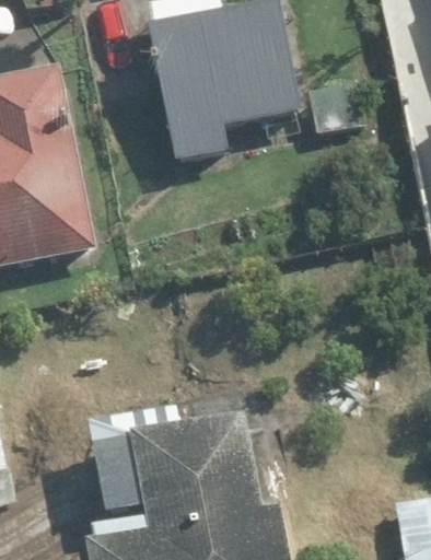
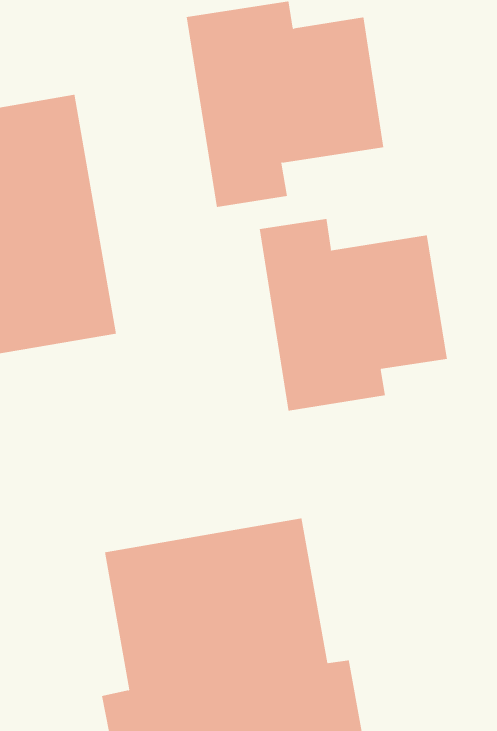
building: none -> [259,218,448,412]

